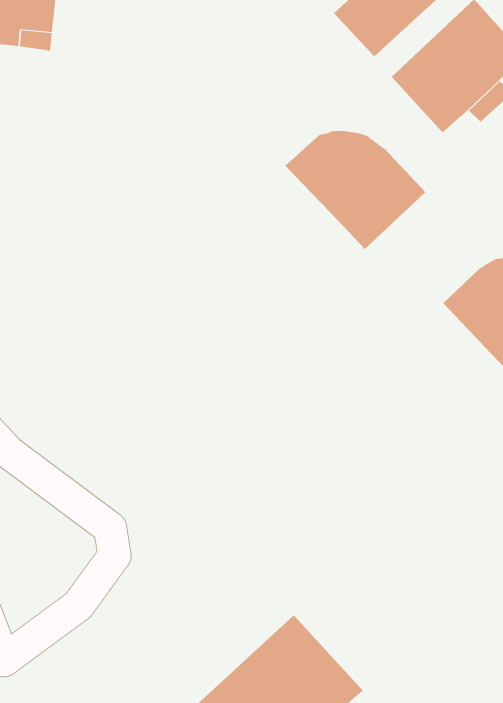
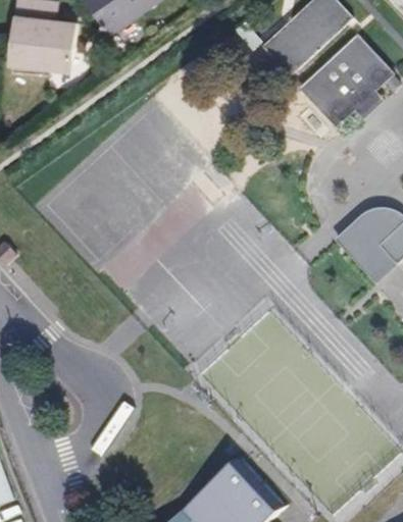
building: [284,130,426,250] -> none

